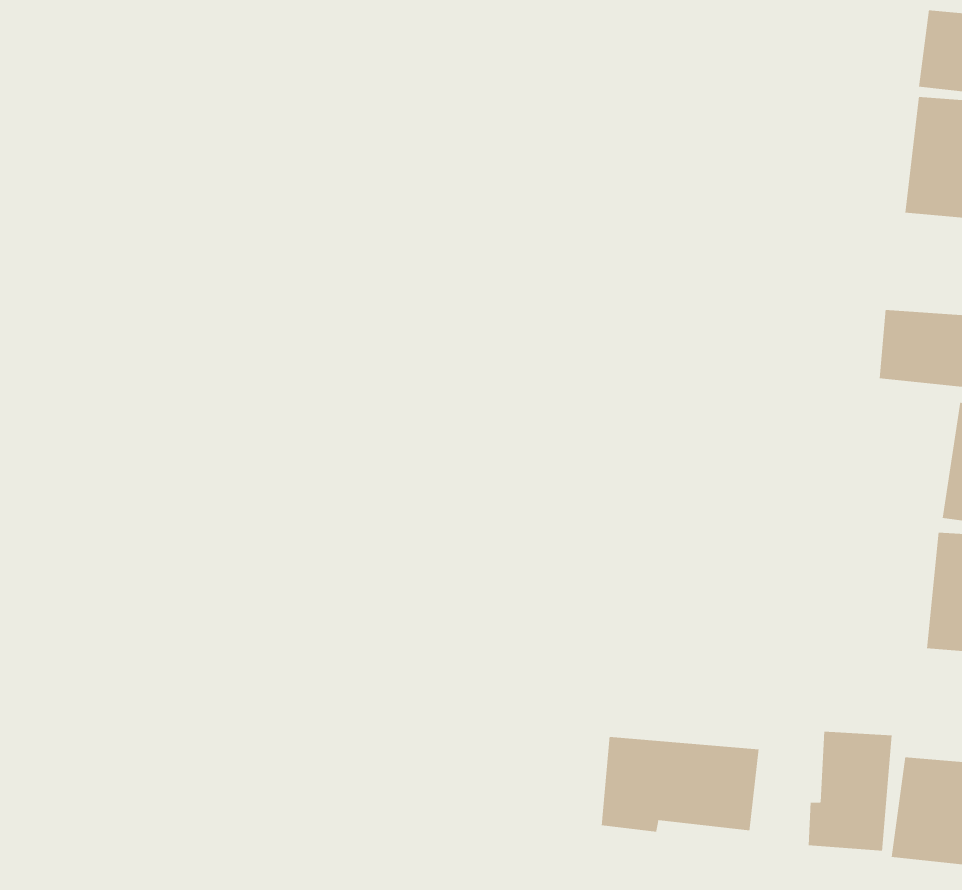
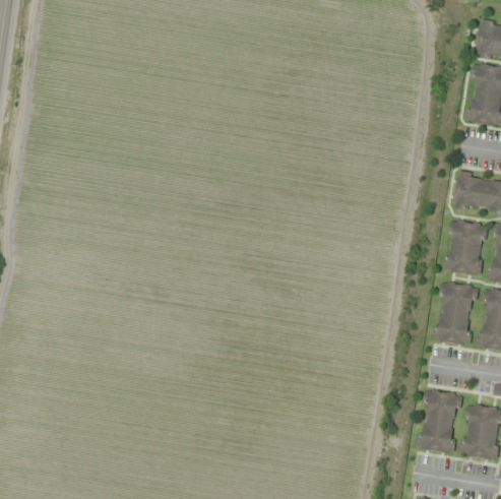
building: none -> [445,219,489,275]
building: none -> [436,280,479,346]
building: [601,736,759,833] -> none

